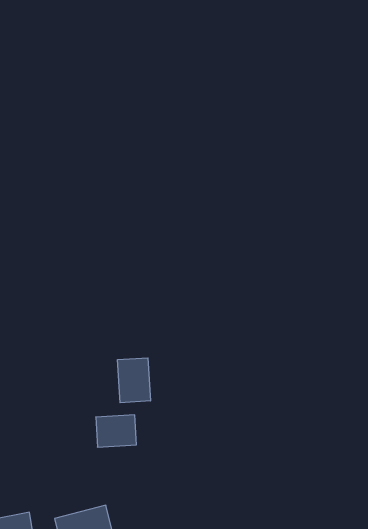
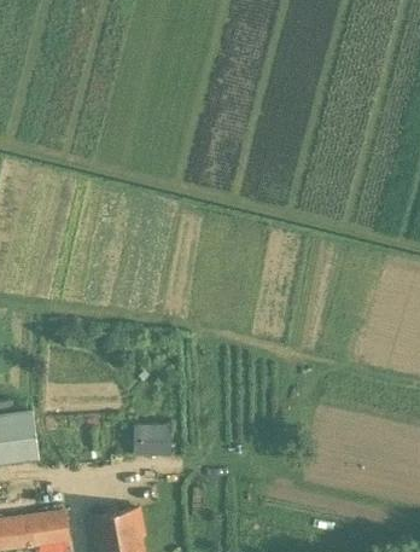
building: [118,358,150,403] -> none

